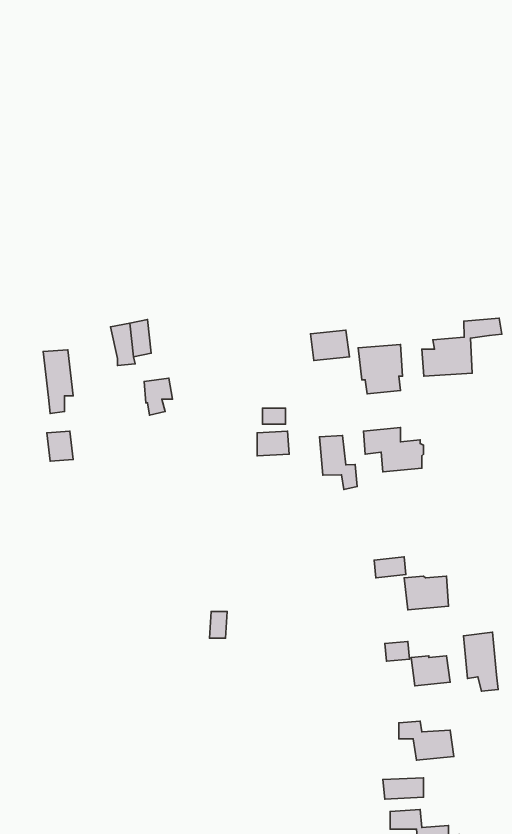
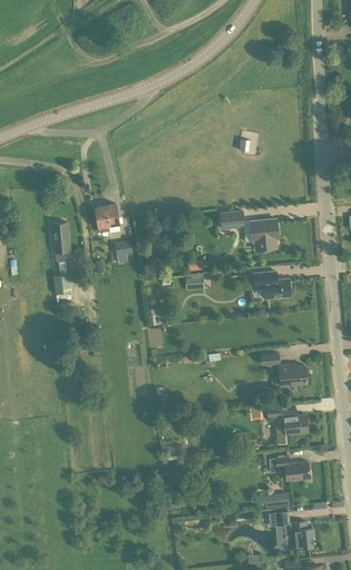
building: [422,318,502,376] -> none
building: [319,436,357,489] -> none
building: [463,632,498,691] -> none

